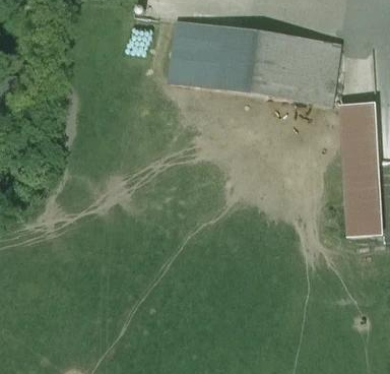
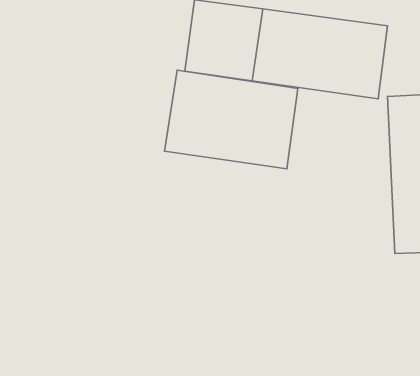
building: none -> [165,70,298,169]

